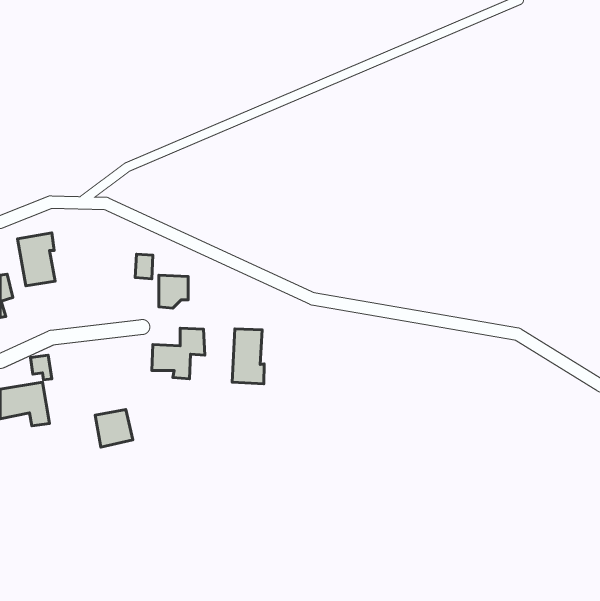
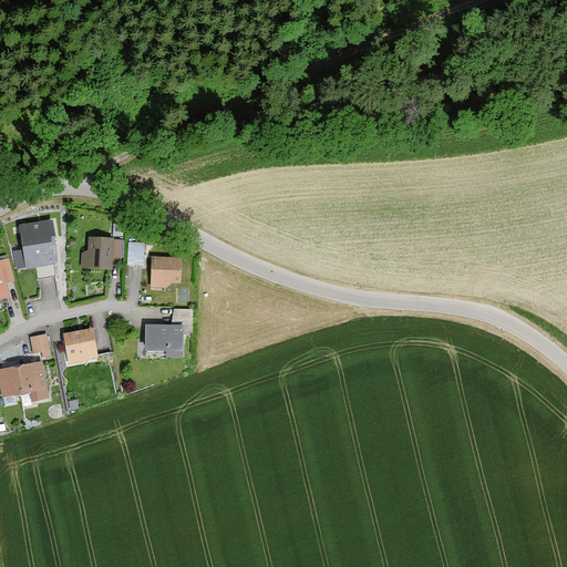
building: none -> [81,237,122,270]
building: [232,329,264,384] -> none
building: [95,409,133,447] -> [62,328,97,363]

